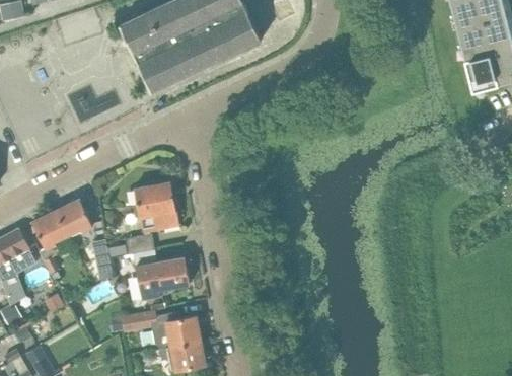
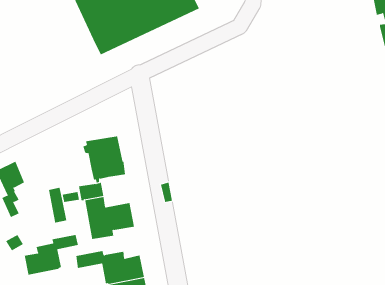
building: [56,199,93,235] -> none
building: none -> [24,234,79,276]

